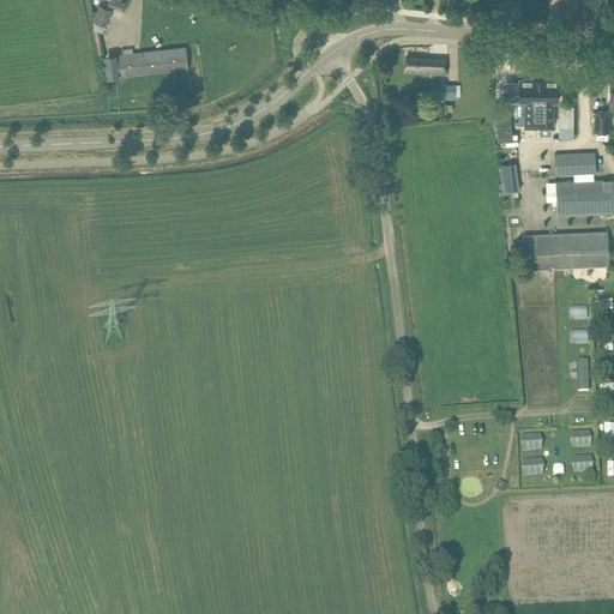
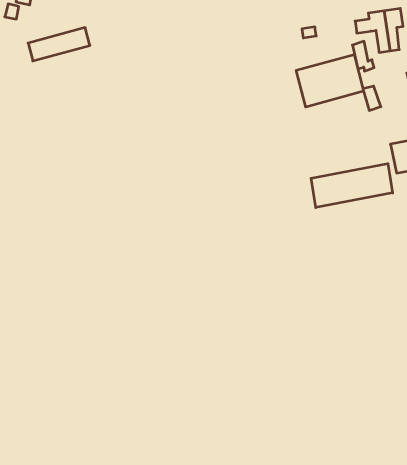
building: [407,56,447,76] -> none
building: none -> [296,54,363,107]
building: none -> [311,164,393,208]

